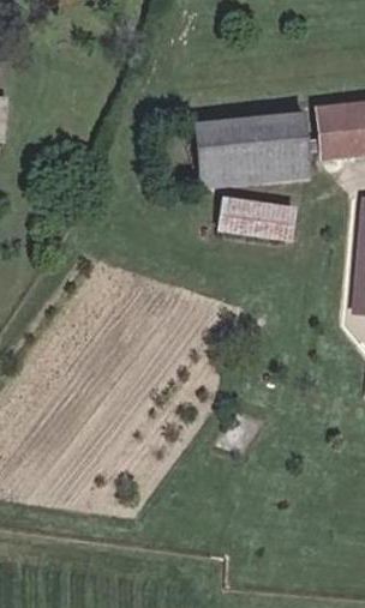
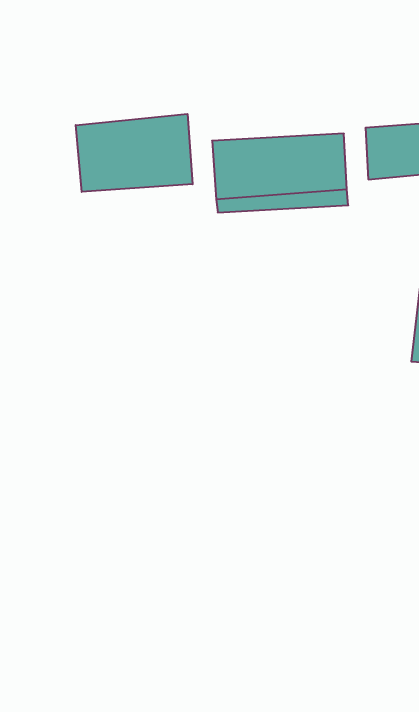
building: none -> [76,114,193,192]
building: [225,200,298,241] -> none

